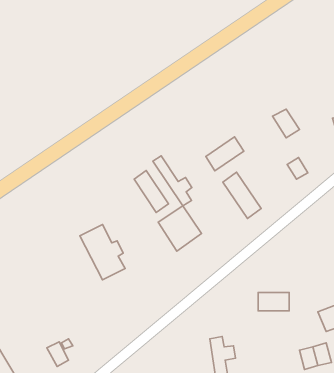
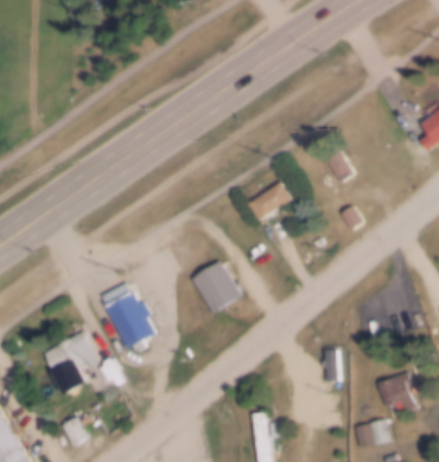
building: [153,156,192,206] -> none
building: [134,171,168,212] -> none
building: [223,172,261,218] -> none
building: none -> [45,331,100,394]

